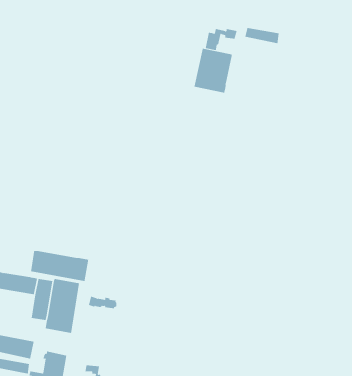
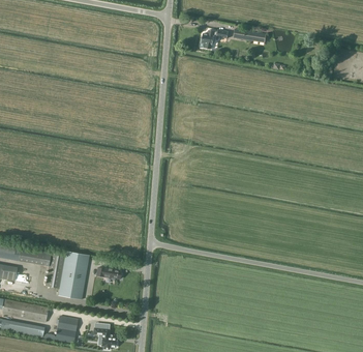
building: [194,48,232,93] -> none
building: [30,250,89,282] -> none

